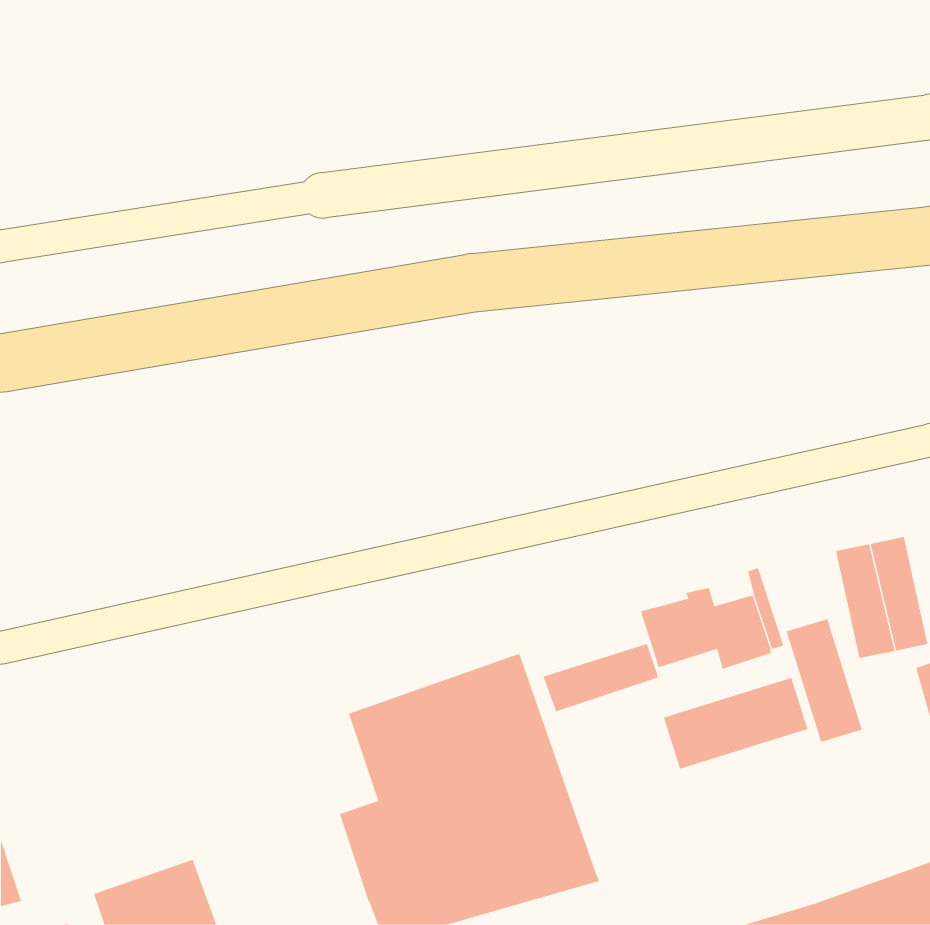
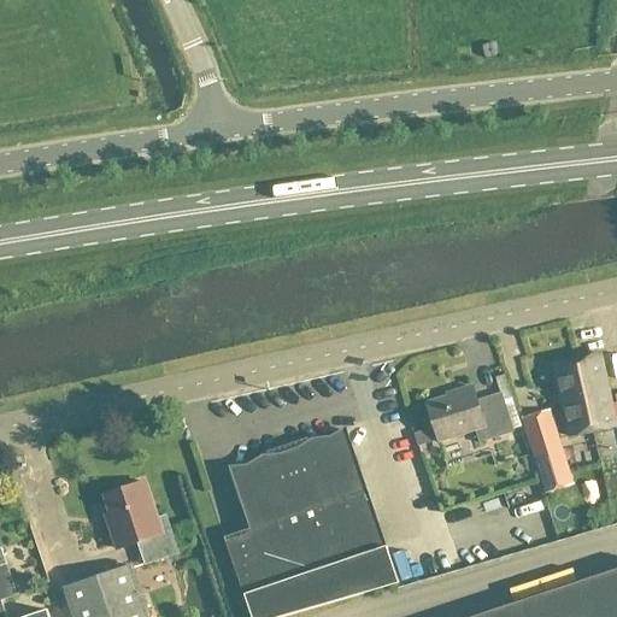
building: [543,643,659,712] -> none
building: [663,677,808,769] -> none
building: none -> [105,483,177,565]

